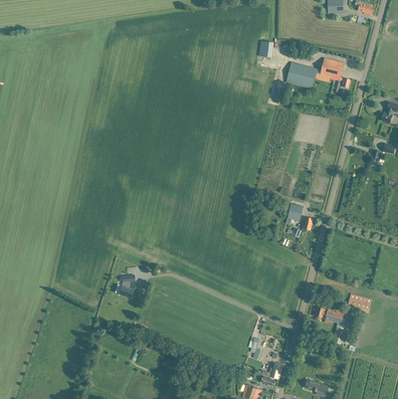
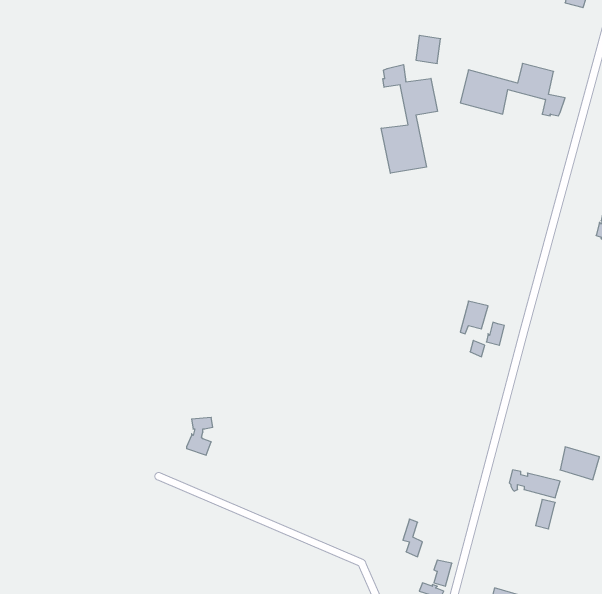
building: none -> [381,65,437,173]

